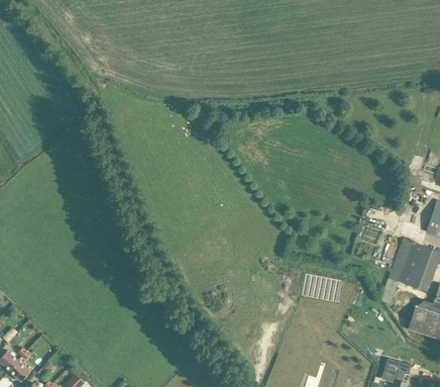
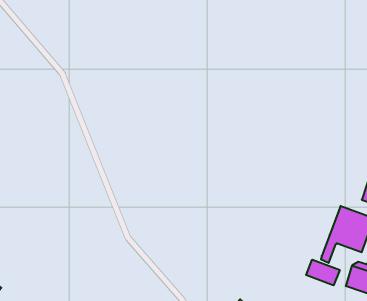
building: none -> [306,260,340,285]

